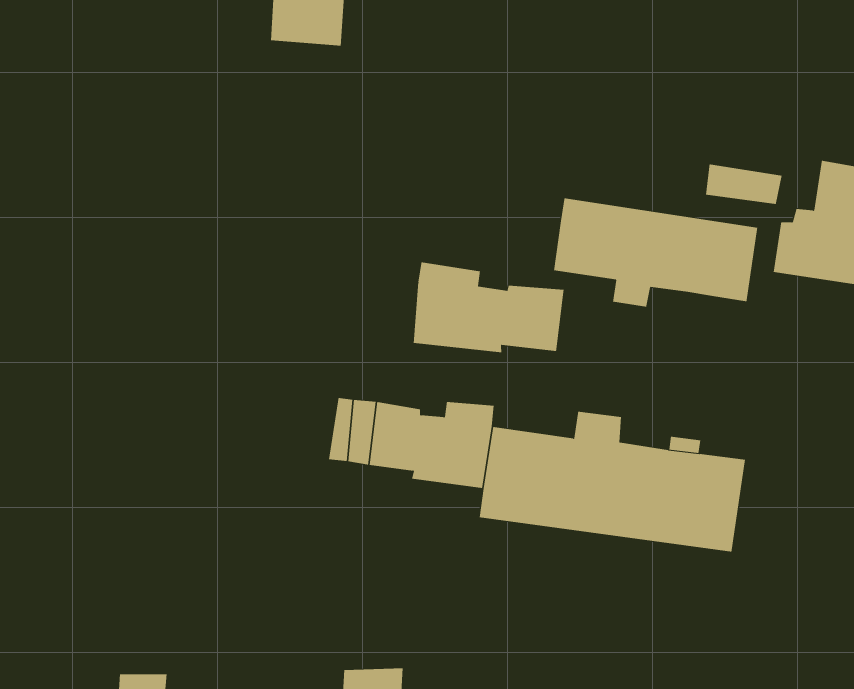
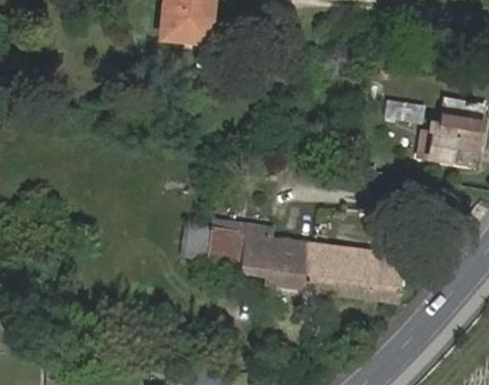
building: [554,197,758,308] -> none
building: [413,262,564,353] -> none

